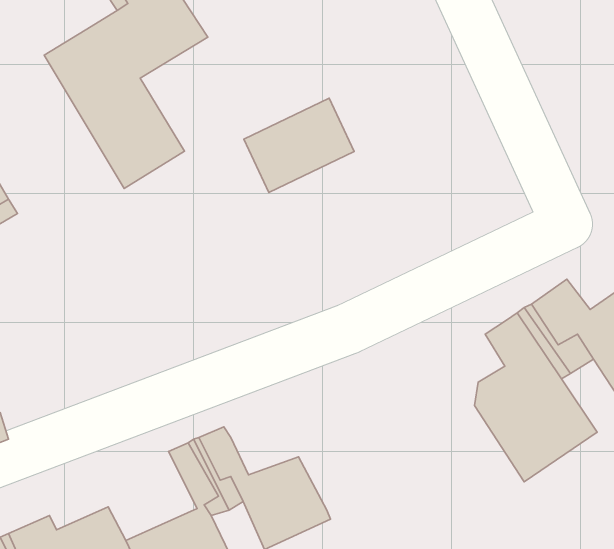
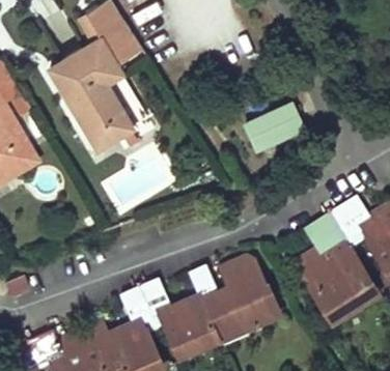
building: [244,98,354,192] -> [242,102,306,156]
building: none -> [188,257,277,333]

